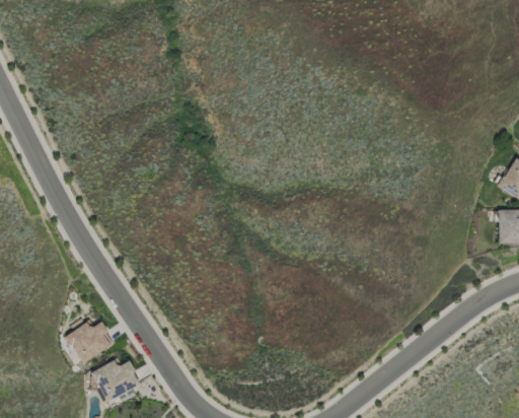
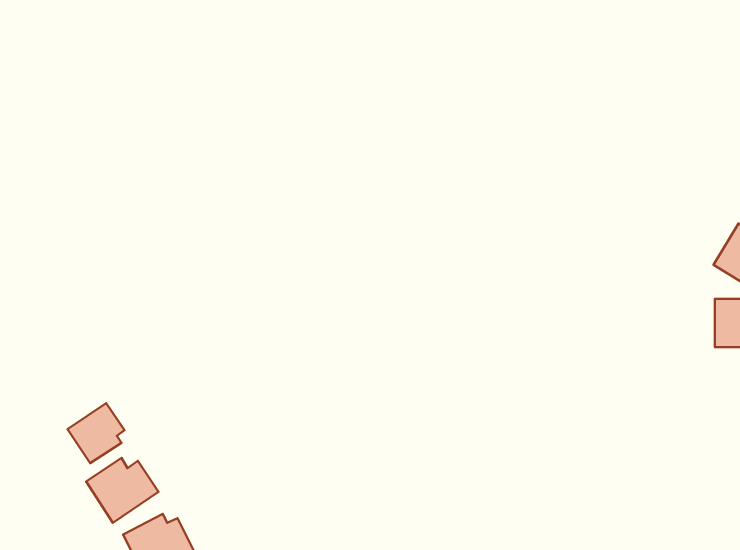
building: none -> [67,403,124,463]

